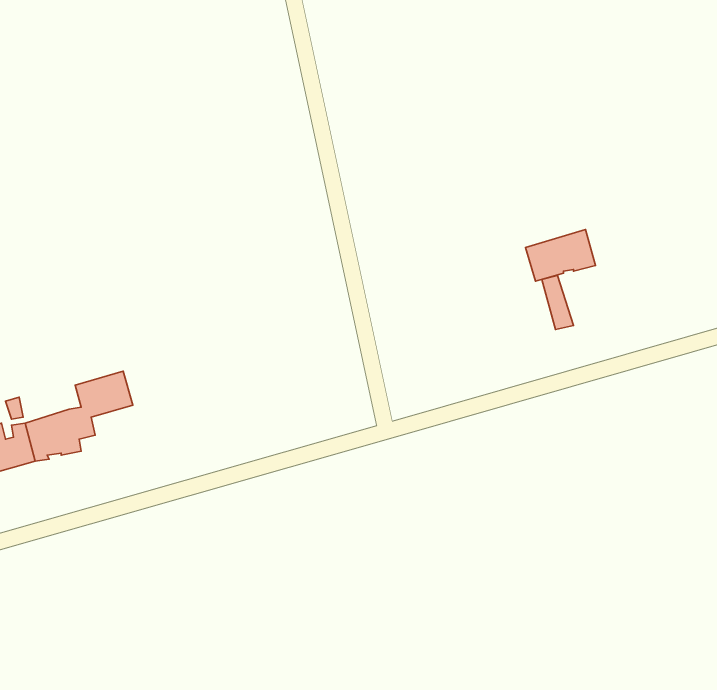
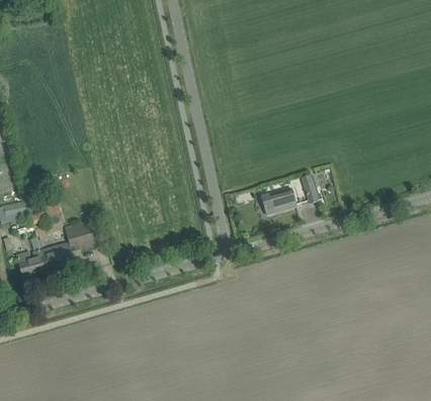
building: [526,229,595,281] -> [262,186,297,213]

